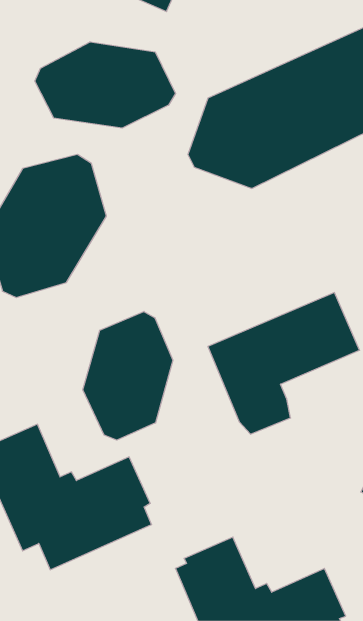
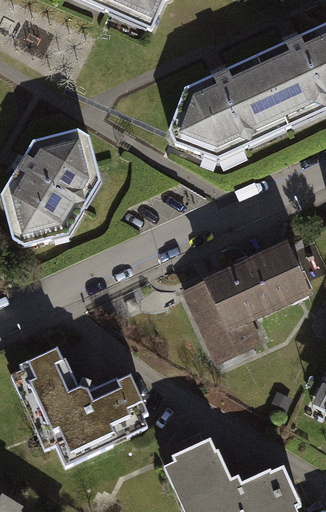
building: [35,42,176,128] -> none
building: [83,311,173,440] -> none

